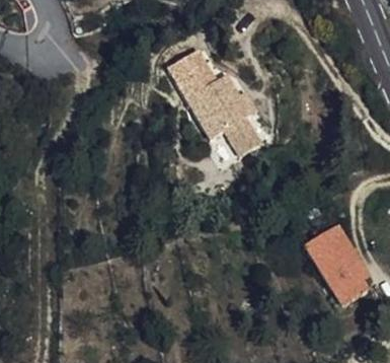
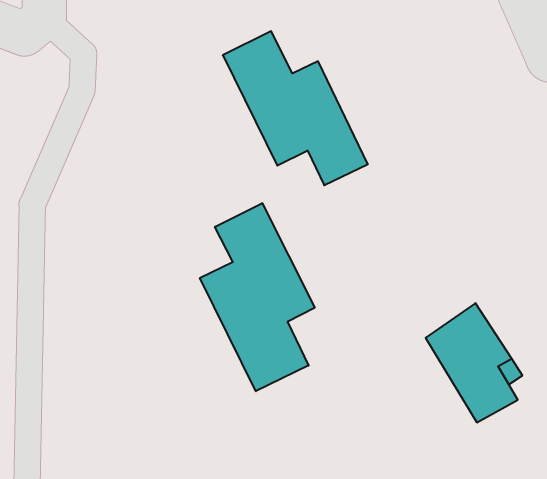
building: none -> [200,203,315,391]

